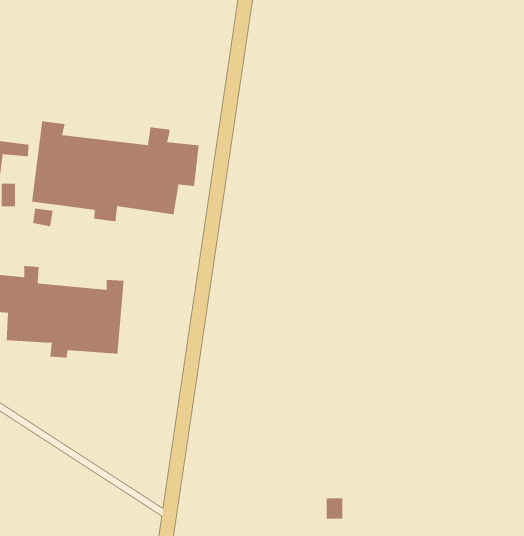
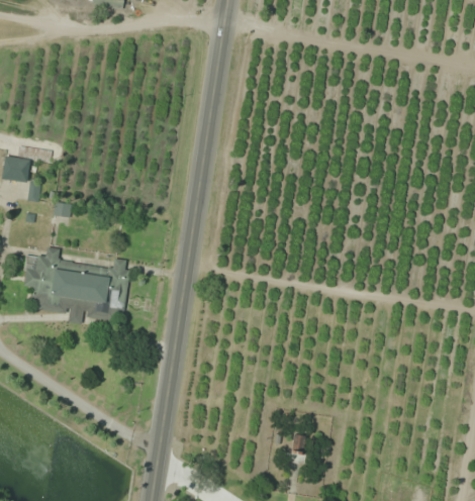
building: [31,120,199,222] -> none

